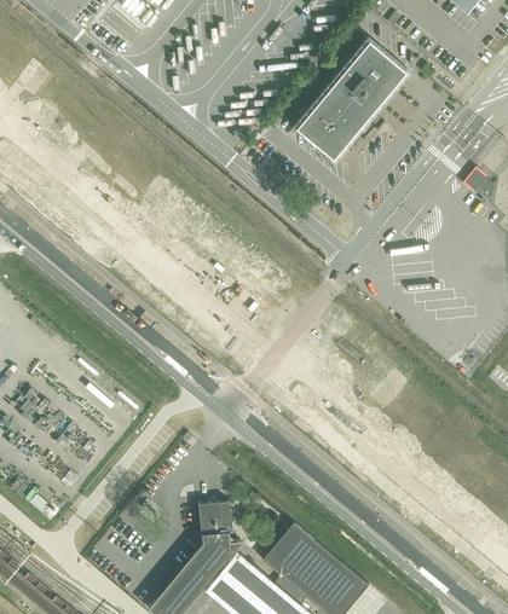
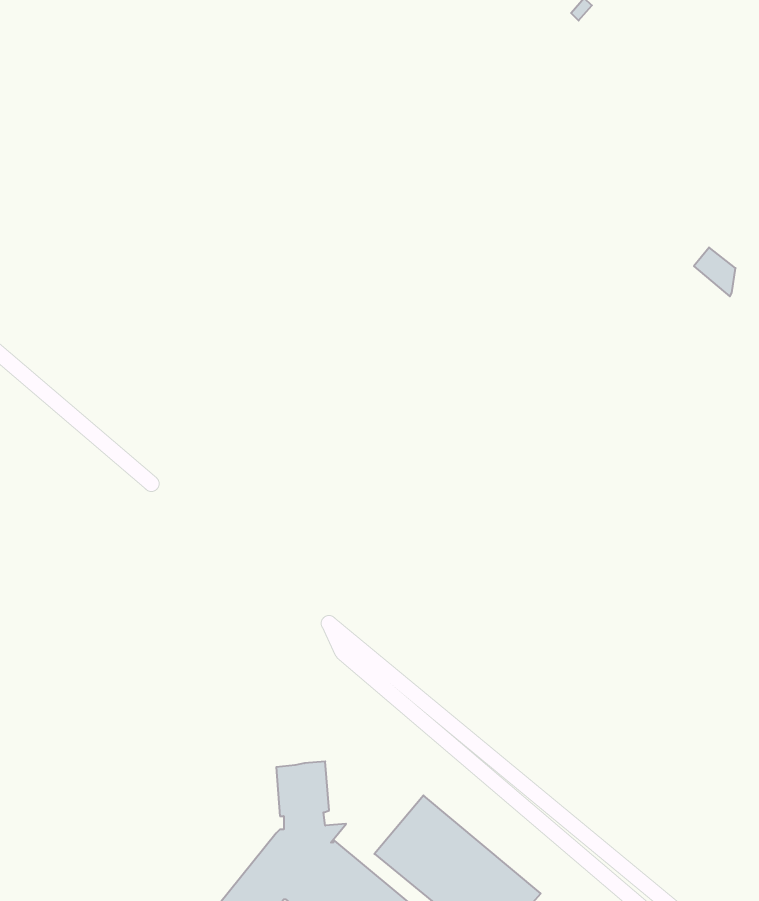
building: [296,42,405,160] -> none

